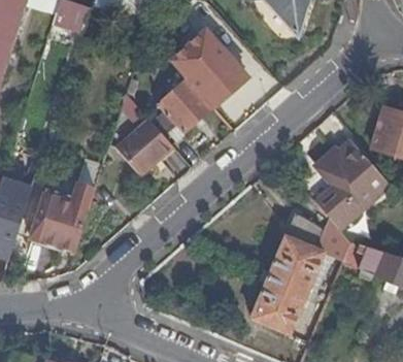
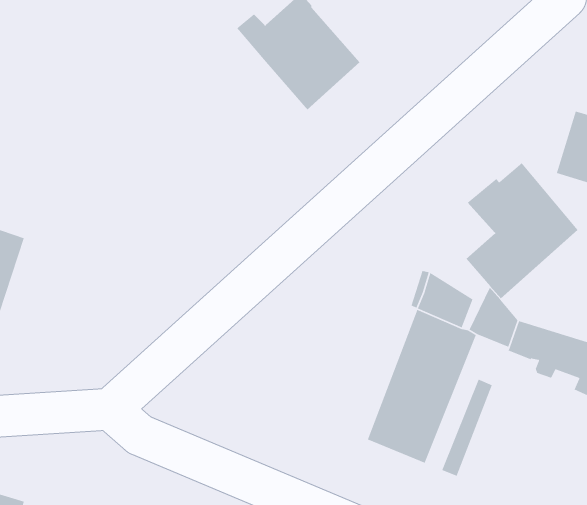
building: [147,76,212,140] -> none
building: [119,93,171,172] -> none
building: [30,179,95,250] -> none

